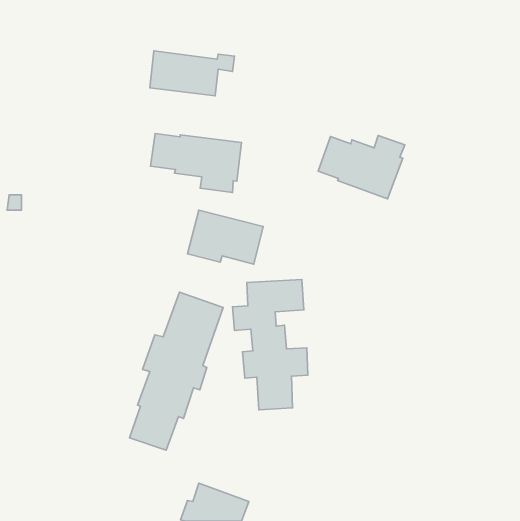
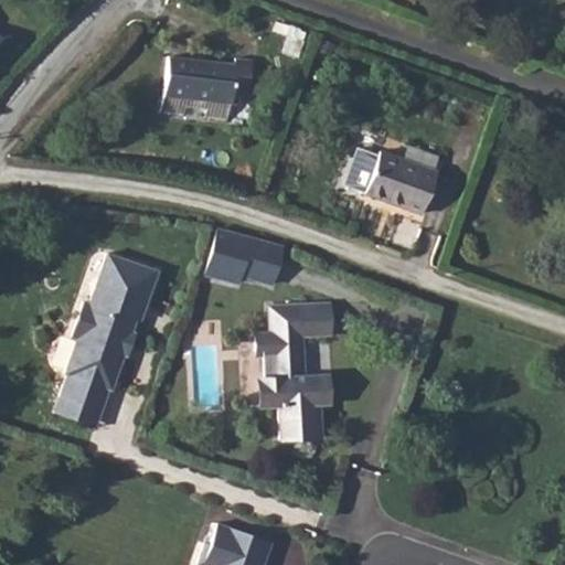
building: [151,133,241,193] -> none
building: [129,292,223,450] -> [55,257,157,428]

